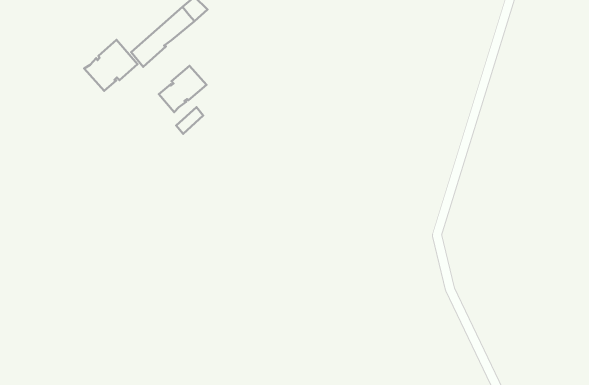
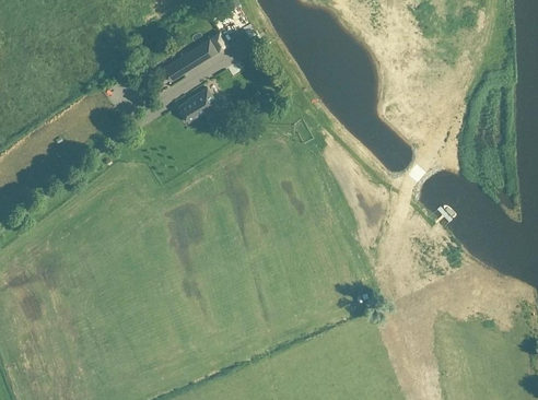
building: [84,40,137,91] -> none

